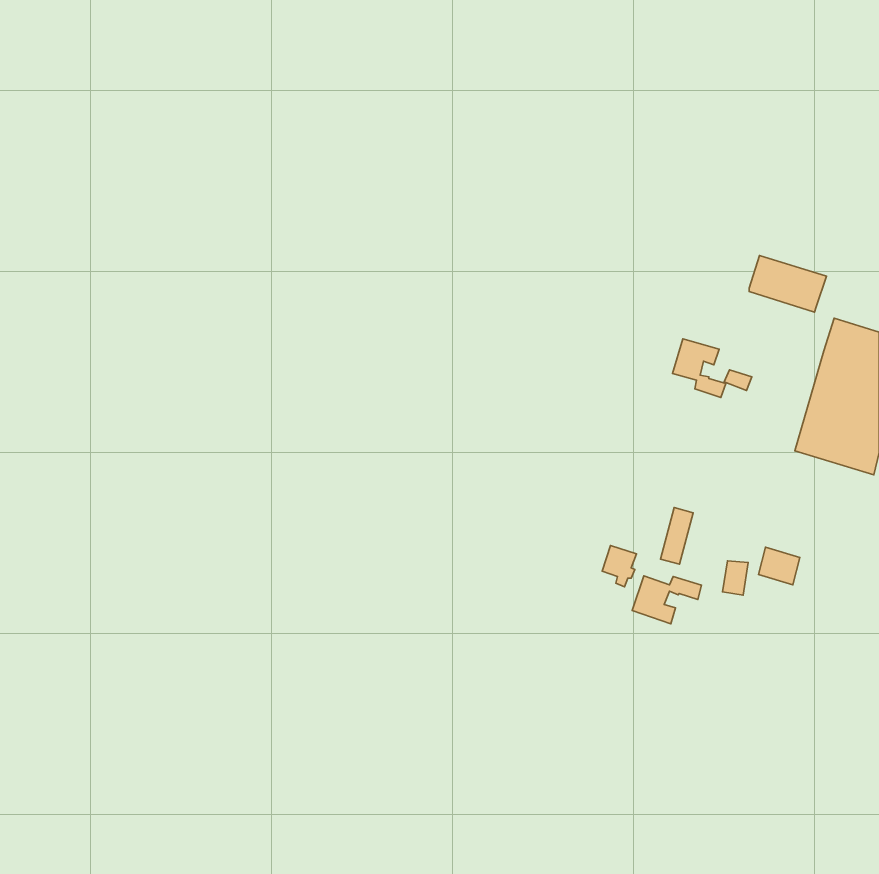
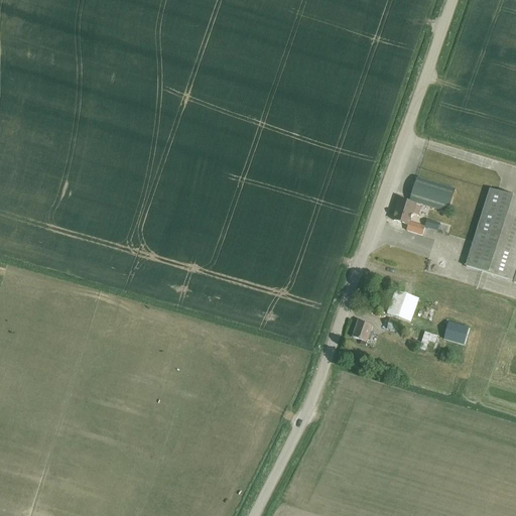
building: [749,255,827,312] -> [410,176,456,210]
building: [632,576,701,624] -> none

